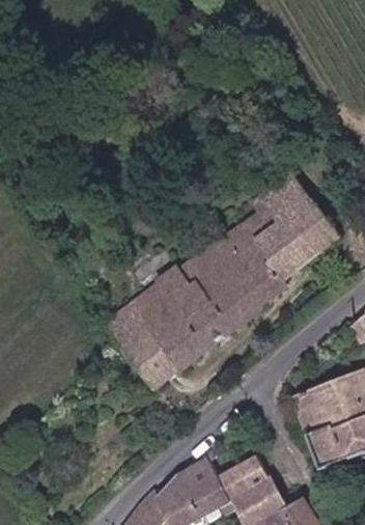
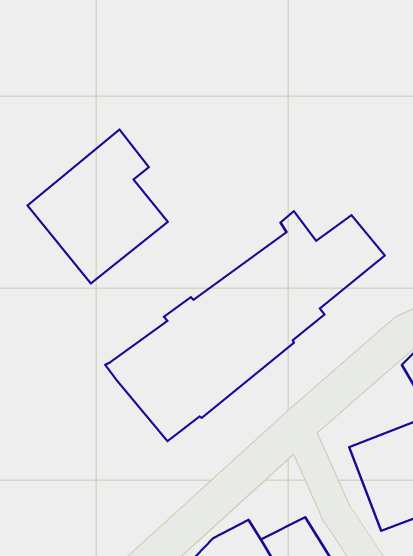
building: none -> [28,130,168,283]
building: [251,176,300,223] -> none

